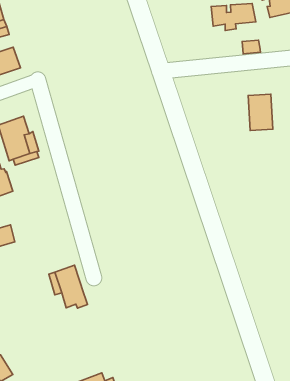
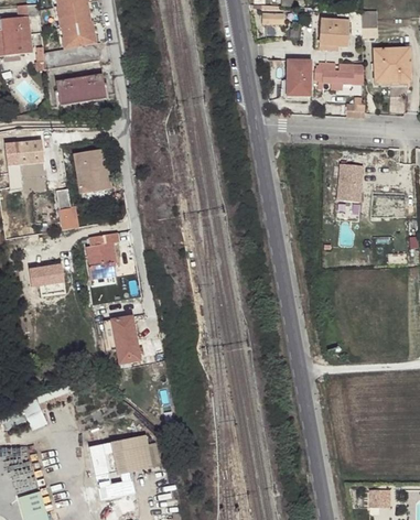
building: none -> [286,59,311,99]
building: none -> [86,231,118,279]

